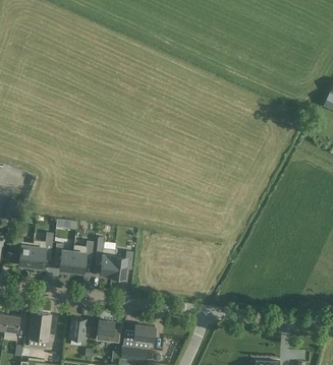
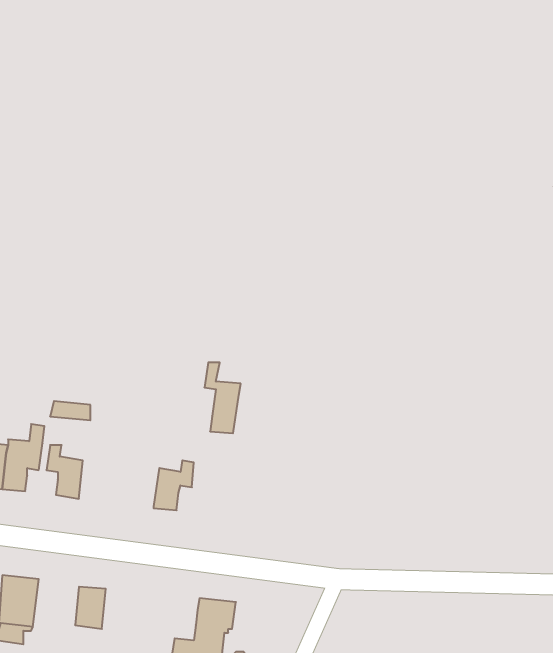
building: [96,237,115,275] -> [204,362,241,433]
building: [71,240,93,271] -> none
building: [95,319,120,344] -> none

